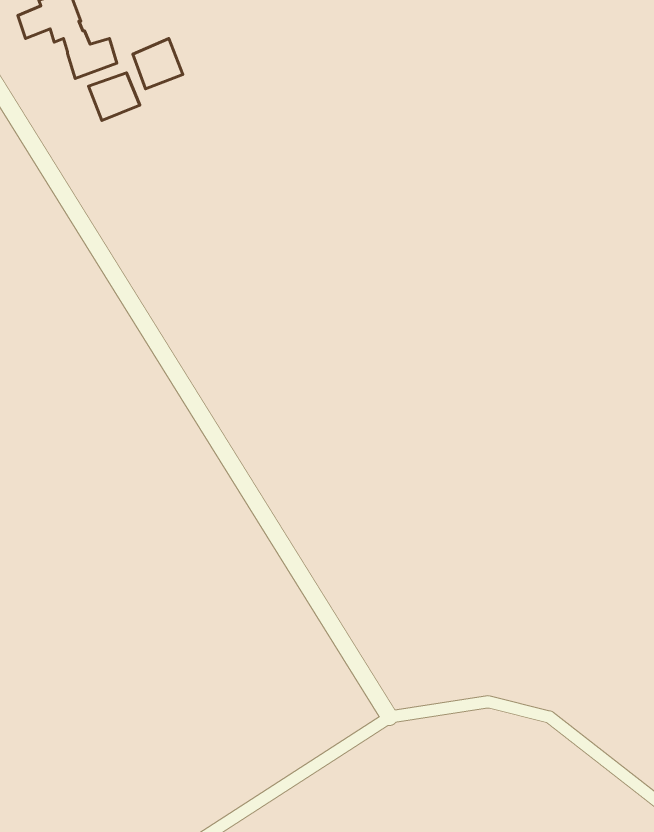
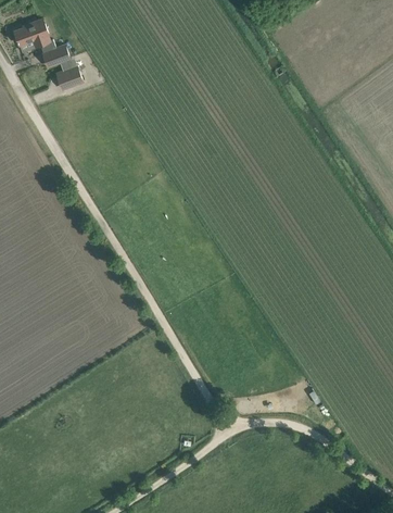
building: [133,39,183,89] -> none

